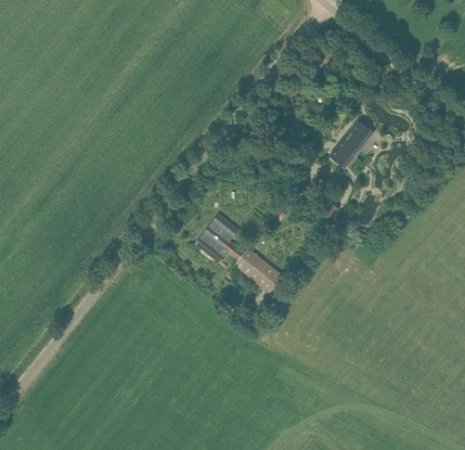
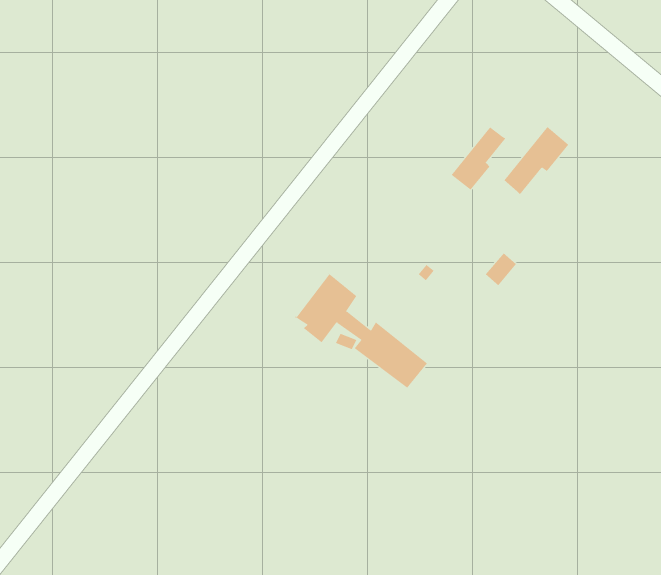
building: none -> [451,127,506,191]

